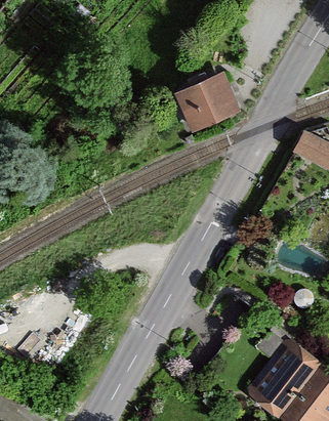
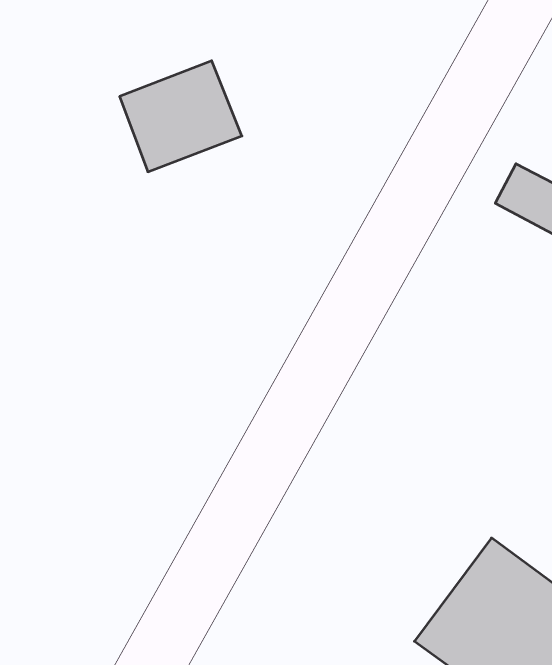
building: [176,75,243,135] -> [120,61,242,172]

